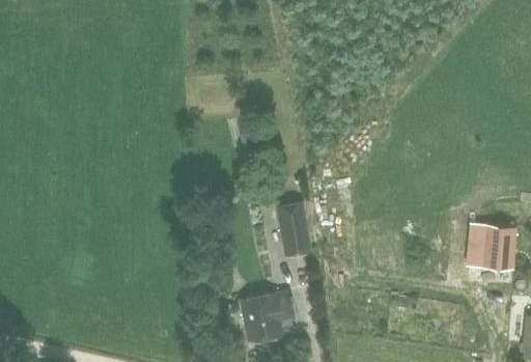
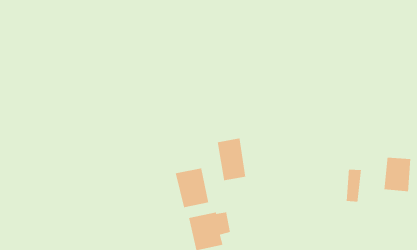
building: [466,225,485,267] -> [346,169,362,202]
building: none -> [175,167,209,208]

